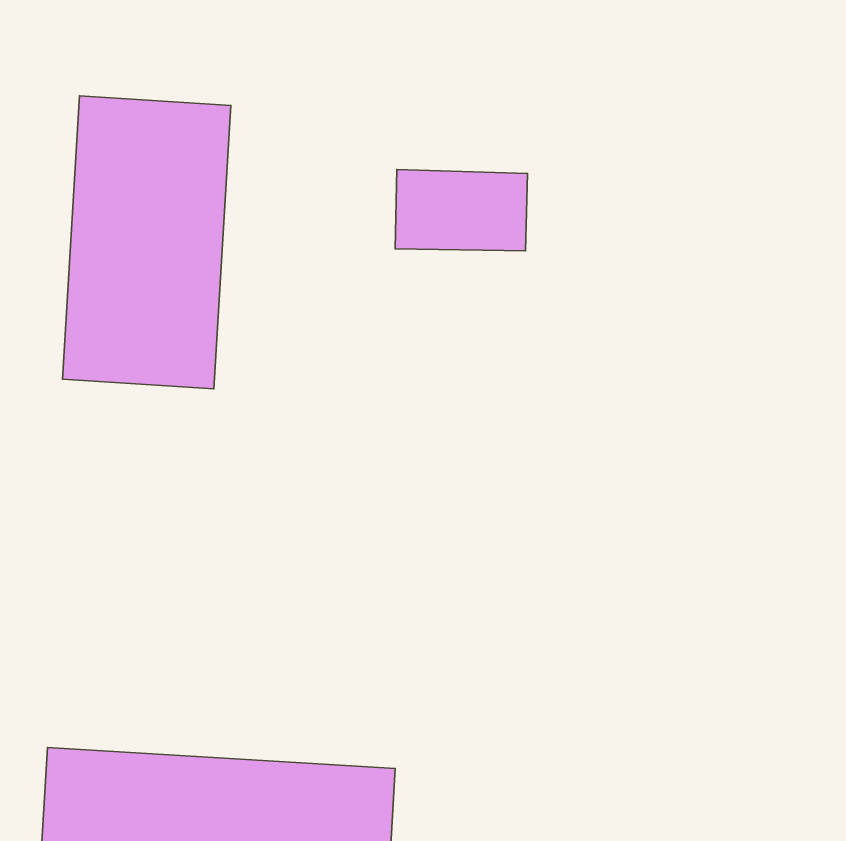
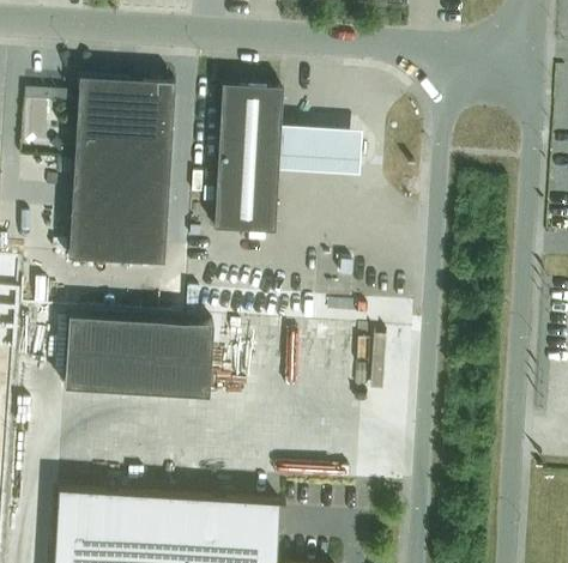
building: none -> [213,86,283,235]
building: none -> [64,317,213,399]

